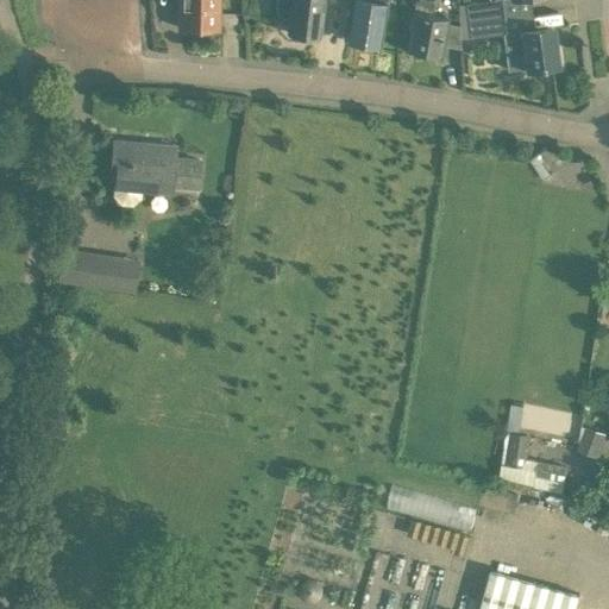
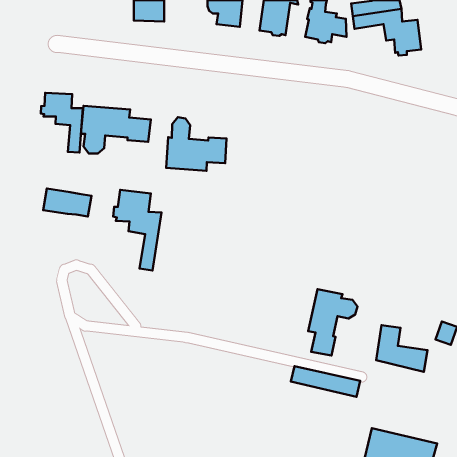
building: none -> [41,93,83,153]
building: none -> [166,117,226,171]
building: none -> [113,190,162,271]
building: none -> [308,289,357,356]

